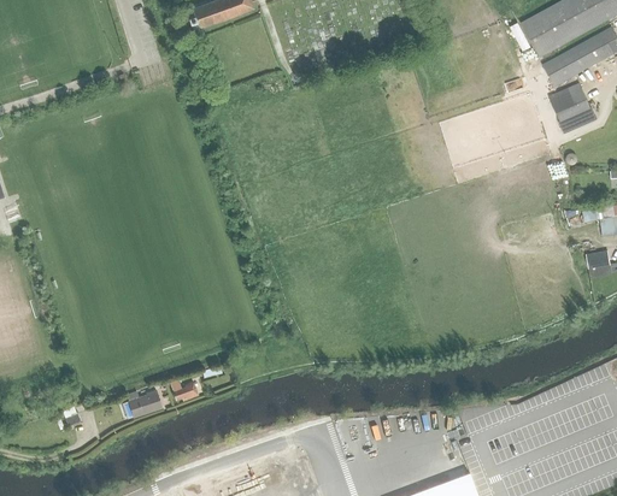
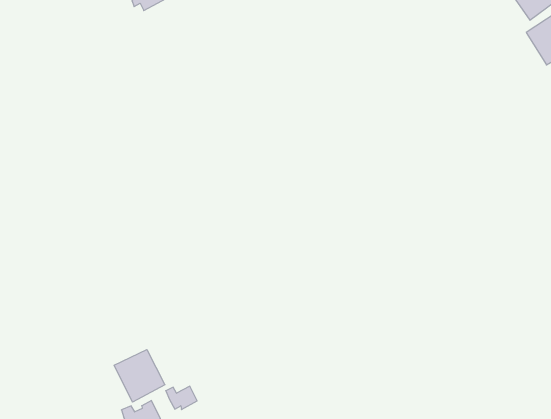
building: none -> [114,350,165,402]

